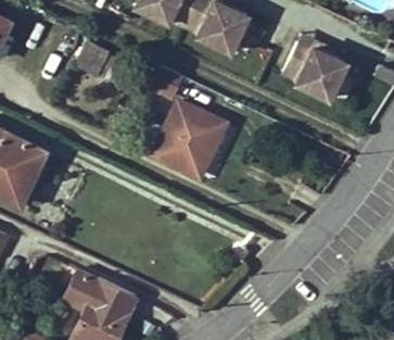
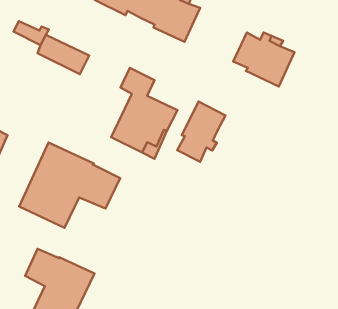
building: none -> [177,102,226,162]
building: none -> [19,142,120,228]

